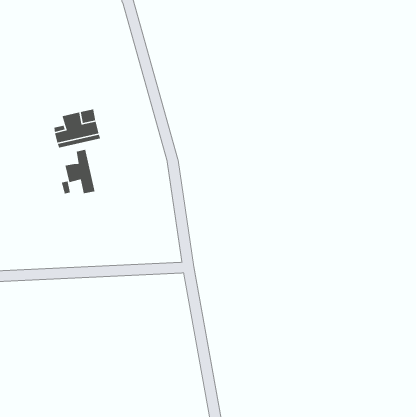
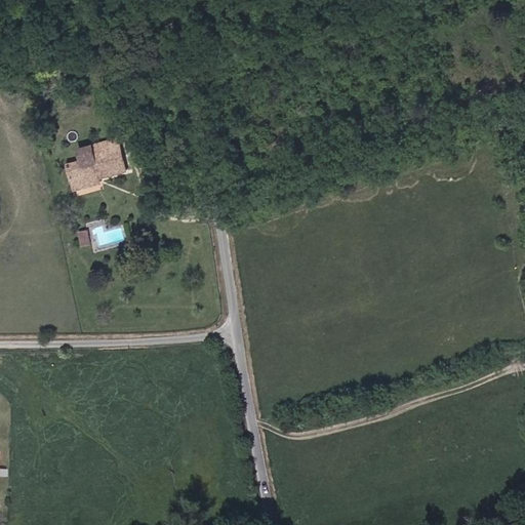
building: [65,149,96,194] -> none

